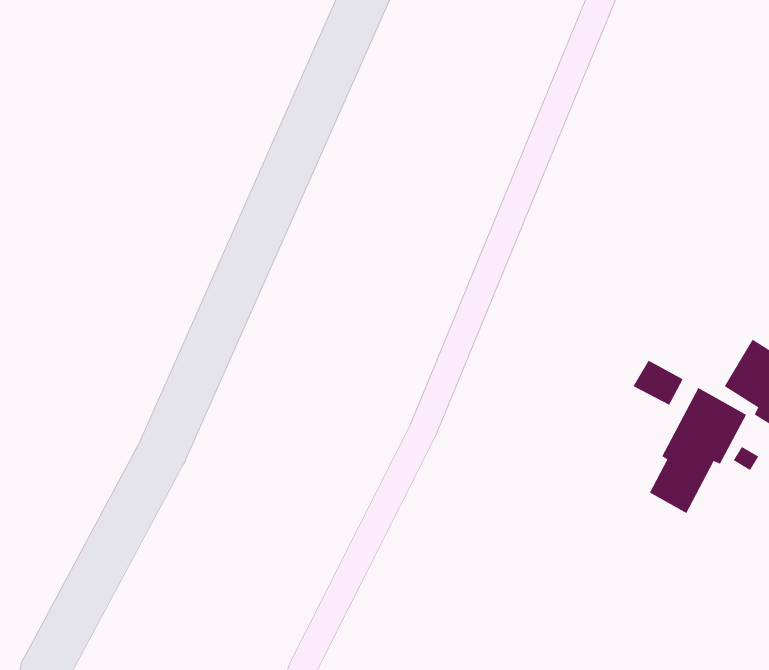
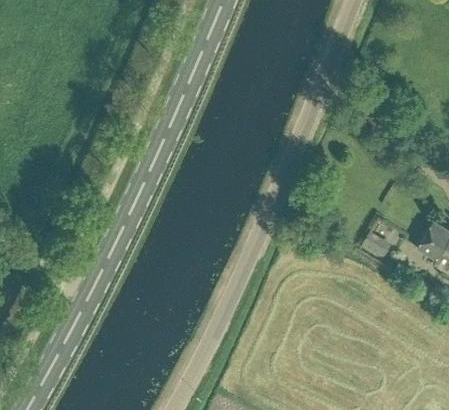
building: [649,387,747,514] -> none

